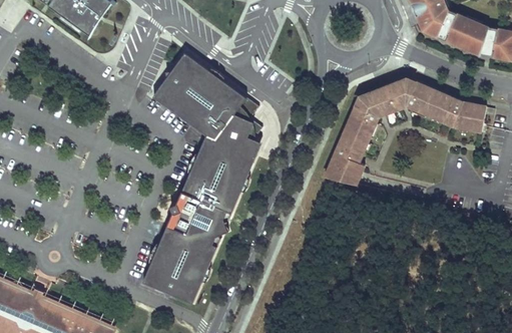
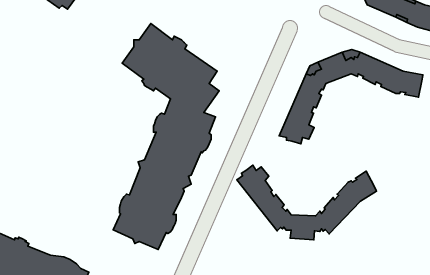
building: none -> [237,165,376,240]

